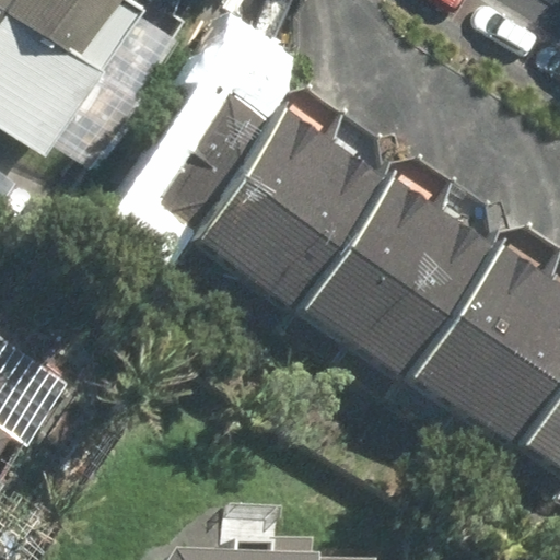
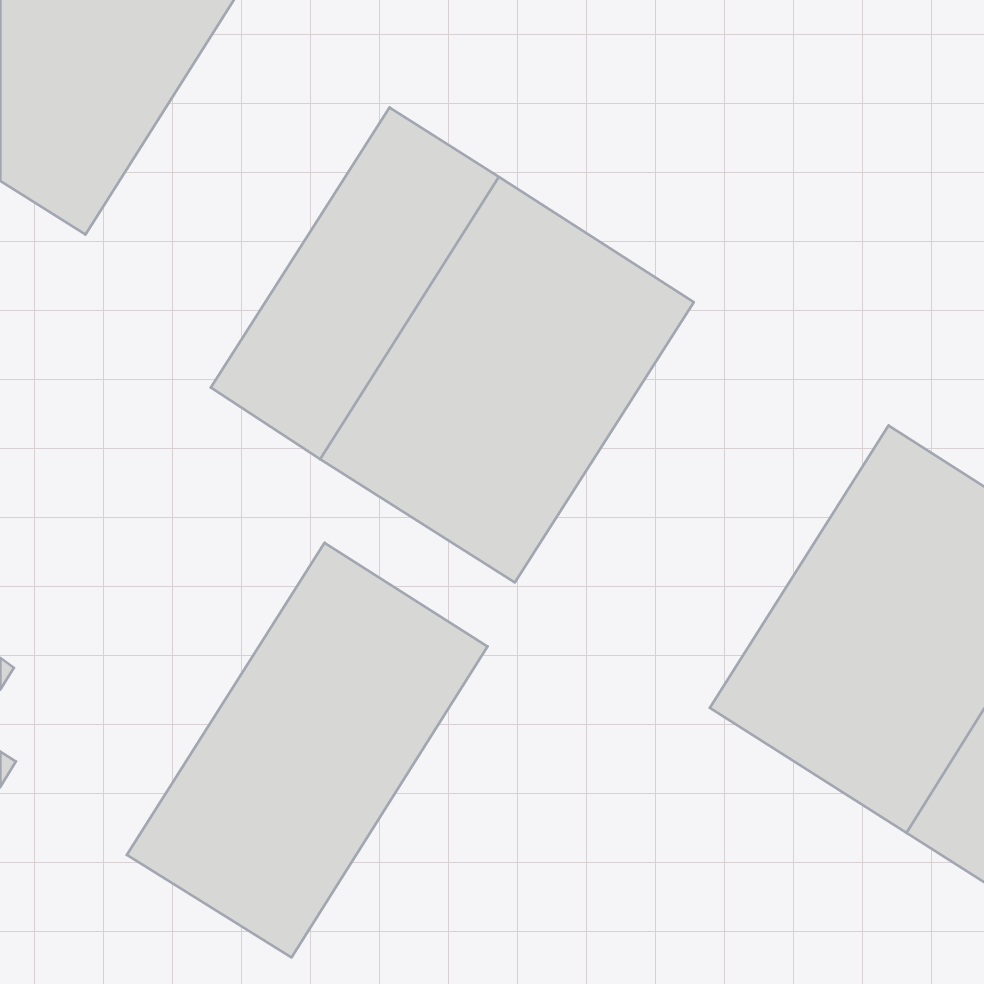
building: [301,166,506,389] -> none
building: none -> [127,543,488,957]

